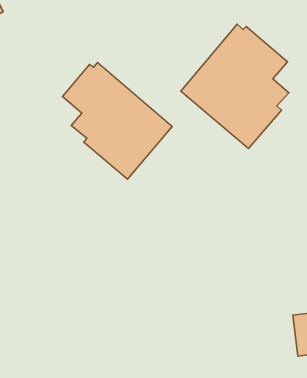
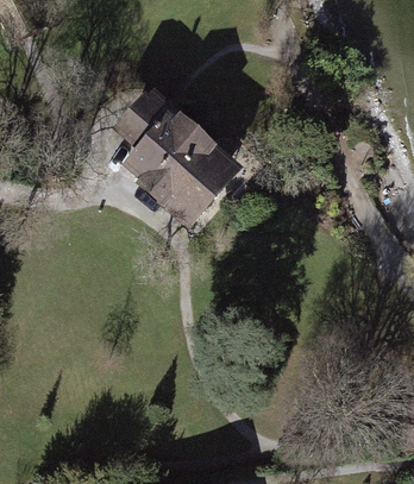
building: [181,24,289,149] -> none

